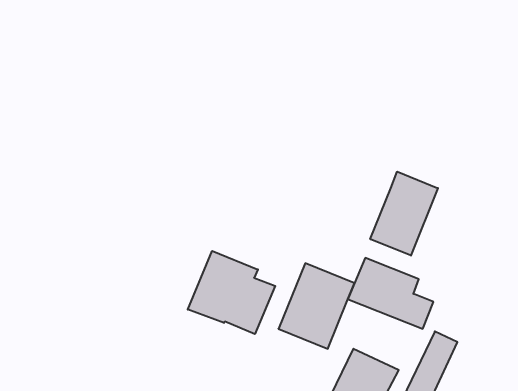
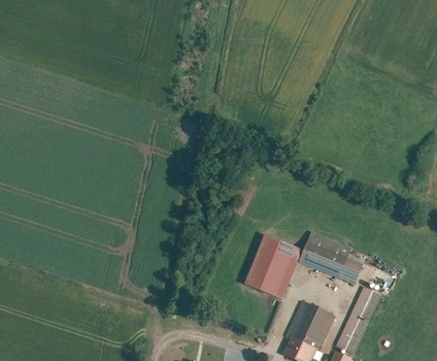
building: [370,172,438,256] -> none
building: [188,251,275,334] -> none

